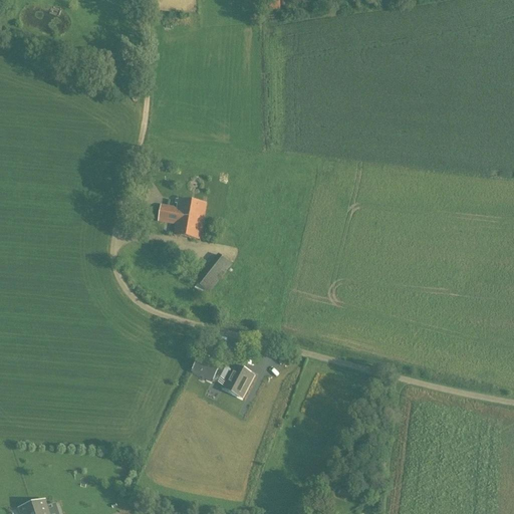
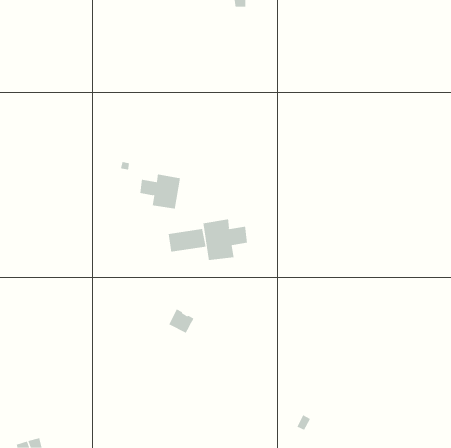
building: none -> [203,219,247,261]
building: [217,363,253,396] -> none

